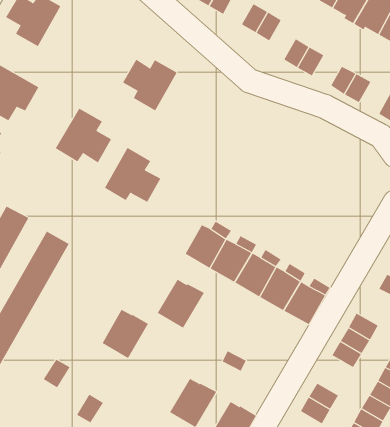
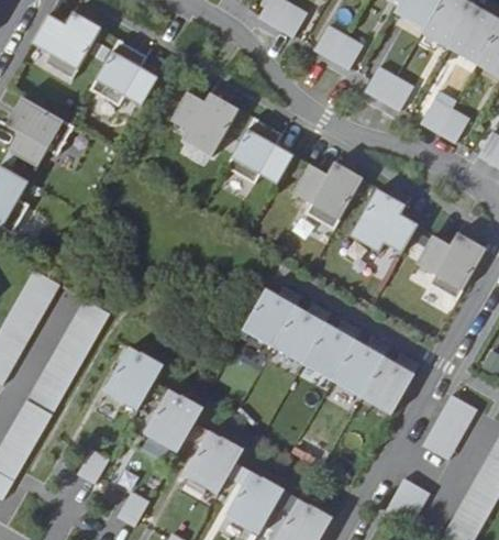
building: [55,108,112,163] -> [90,40,158,106]
building: none -> [292,163,364,230]
building: none -> [355,188,419,250]
building: [104,147,161,203] -> [226,118,295,184]
building: none -> [417,234,485,299]
building: none -> [107,349,164,408]
building: [157,279,205,329] -> [187,432,244,492]

